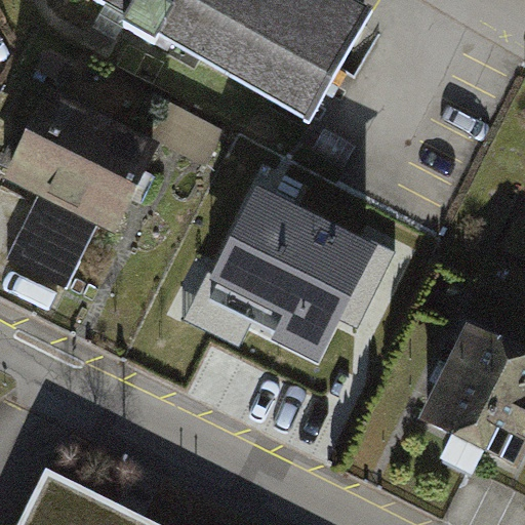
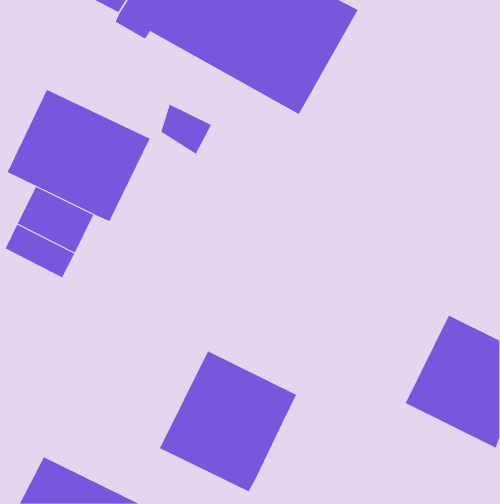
building: [210,204,393,352] -> none
building: none -> [159,350,297,492]

